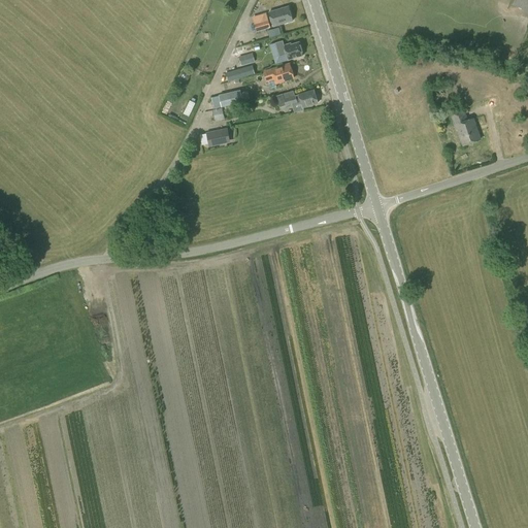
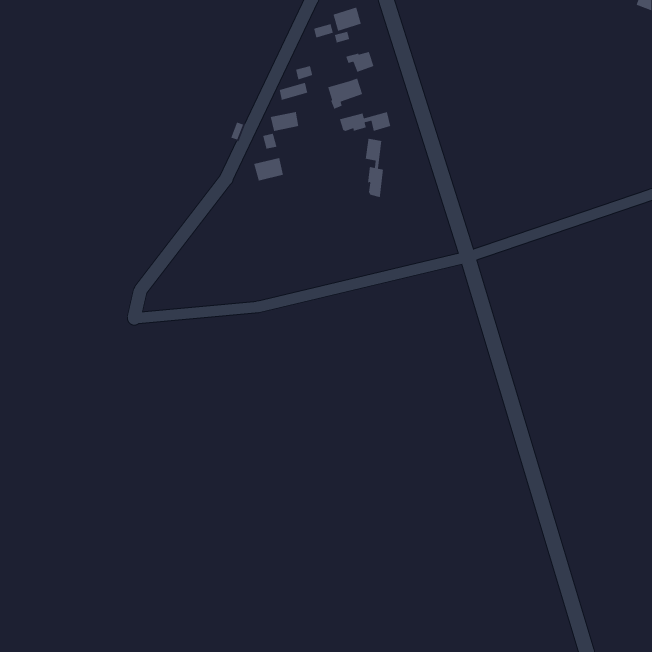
building: none -> [365,138,384,198]
building: [452,111,480,144] -> none

